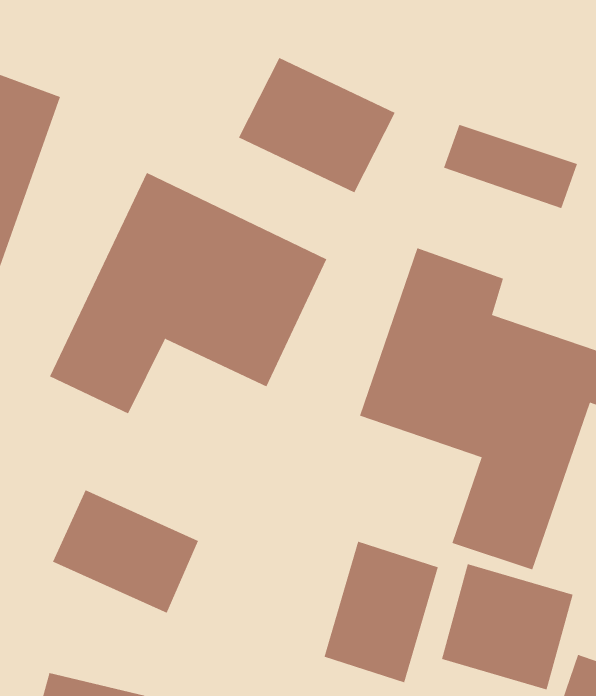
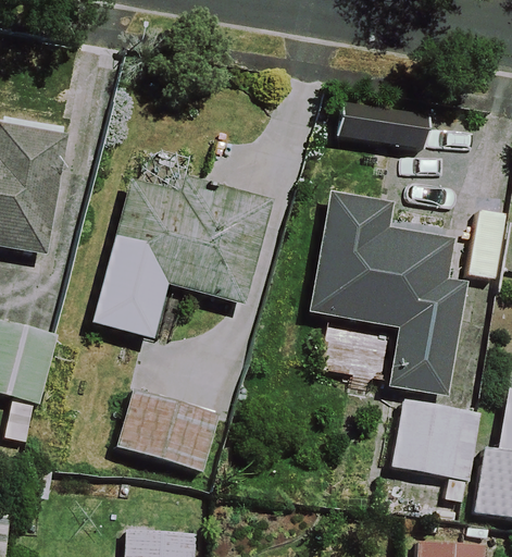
building: [238,57,395,193] -> none
building: [324,541,439,683] -> none

